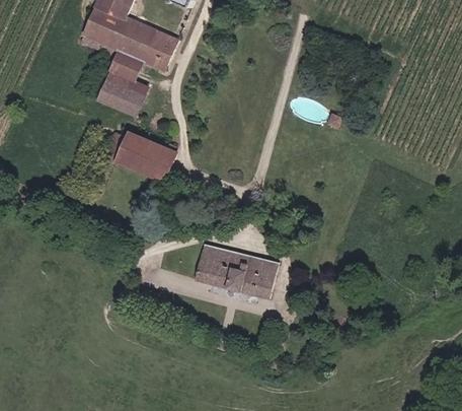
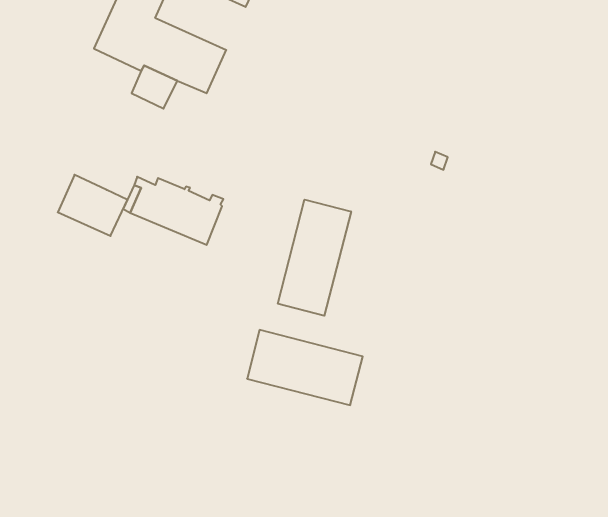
building: [96,70,147,115] -> [58,175,127,236]
building: none -> [278,200,351,316]

